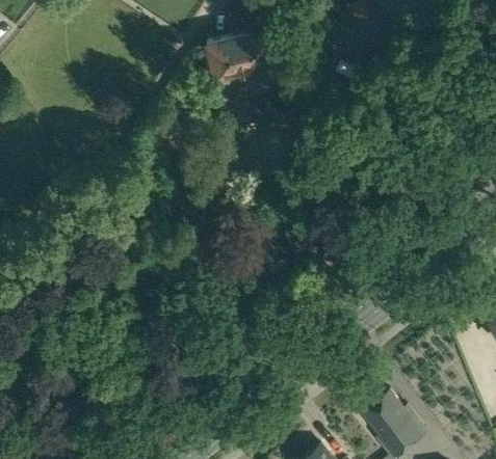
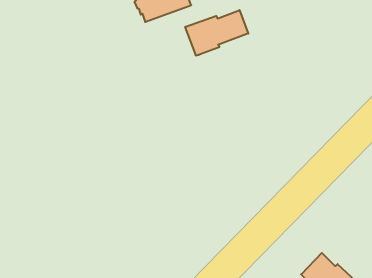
building: none -> [185,10,248,56]

